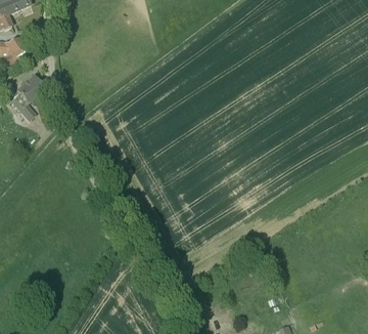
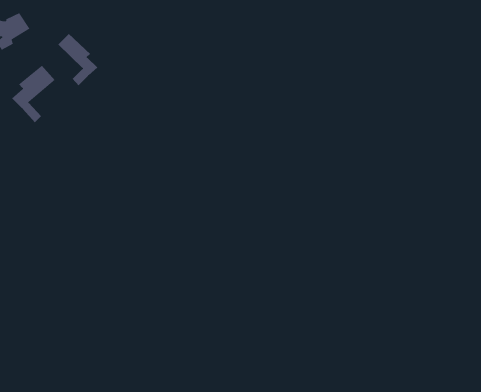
building: none -> [58,33,98,86]

